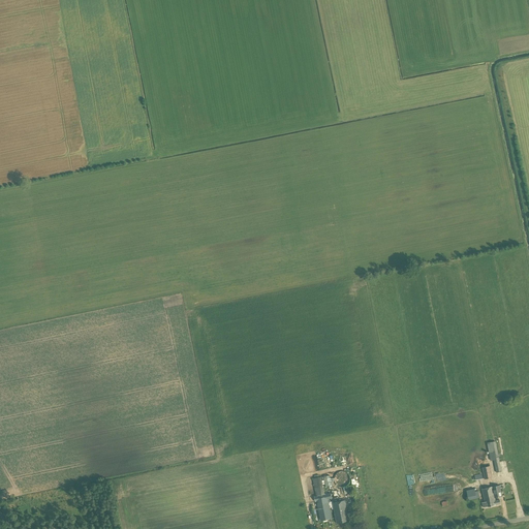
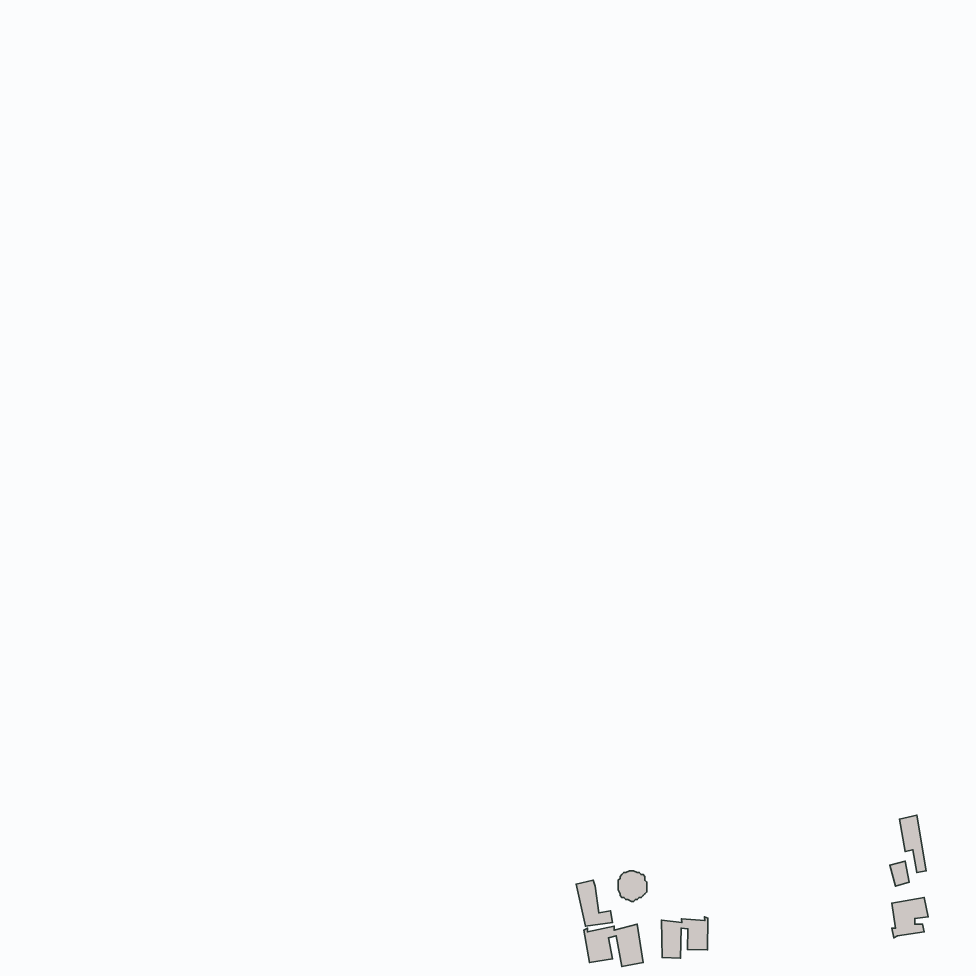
building: none -> [662,917,708,958]

